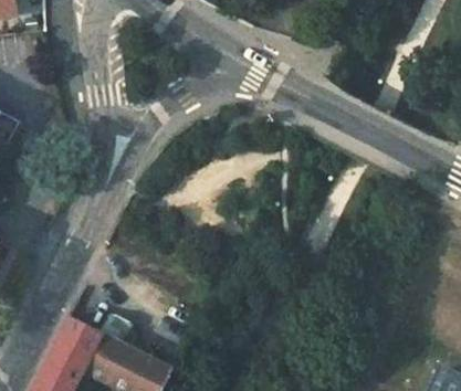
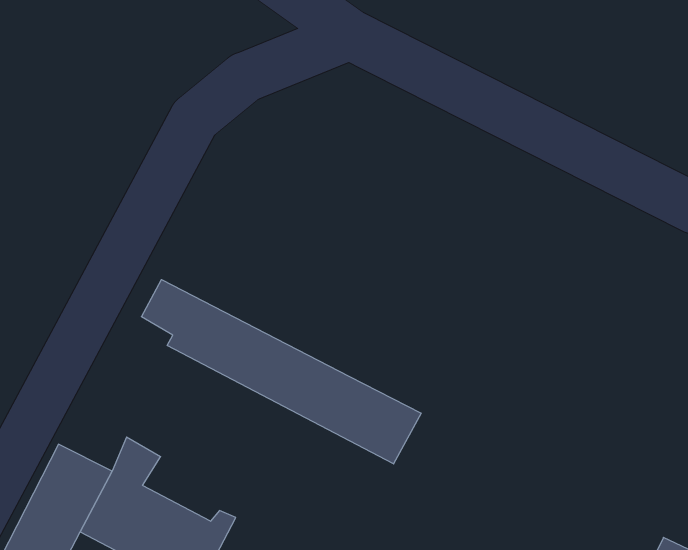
building: none -> [141,280,421,464]

